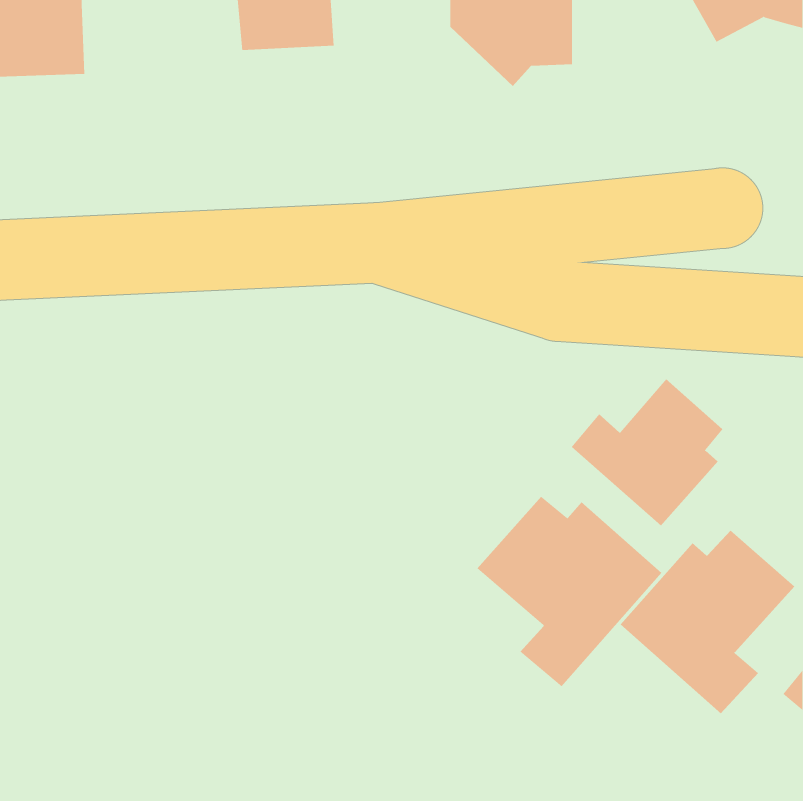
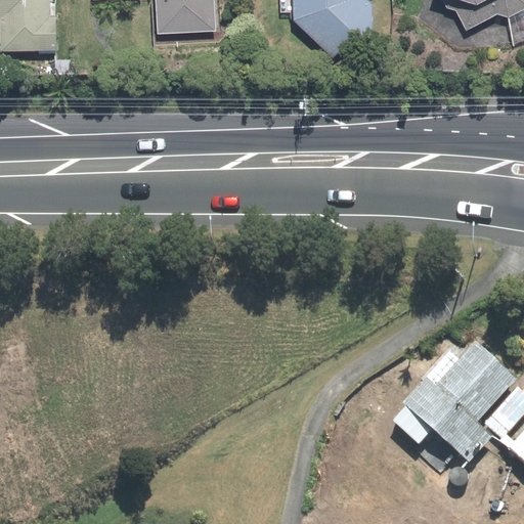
building: [571,378,723,526] -> none
building: [477,496,662,687] -> none

